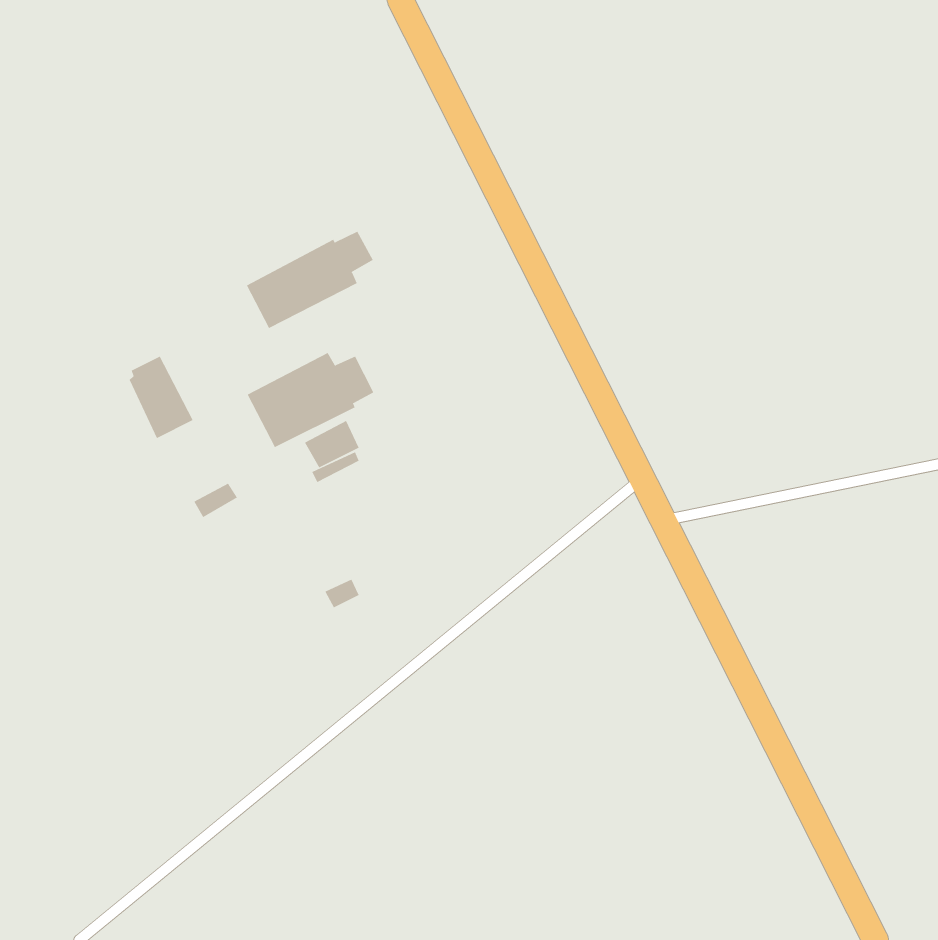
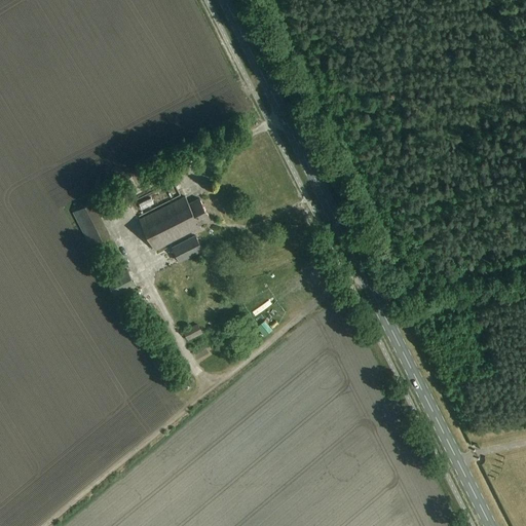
building: [246,231,373,329] -> none

